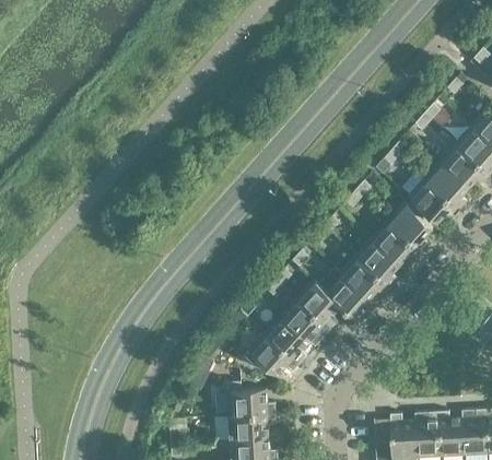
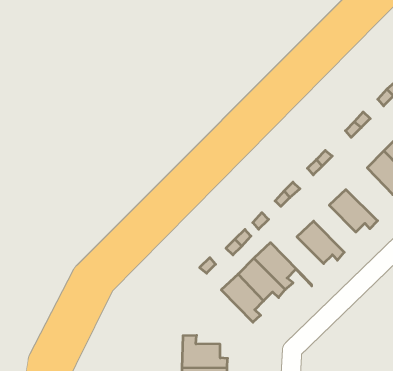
building: [388,202,433,251] -> none
building: [356,238,401,286] -> none
building: [313,273,370,322] -> none
building: [243,333,300,378] -> none

